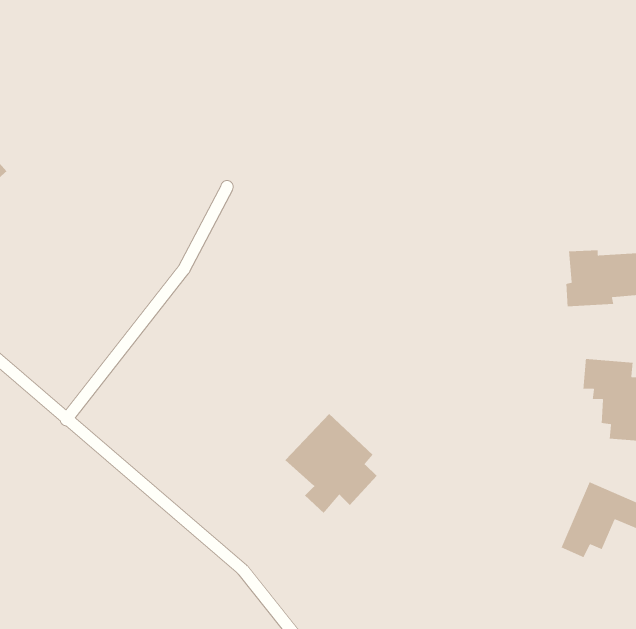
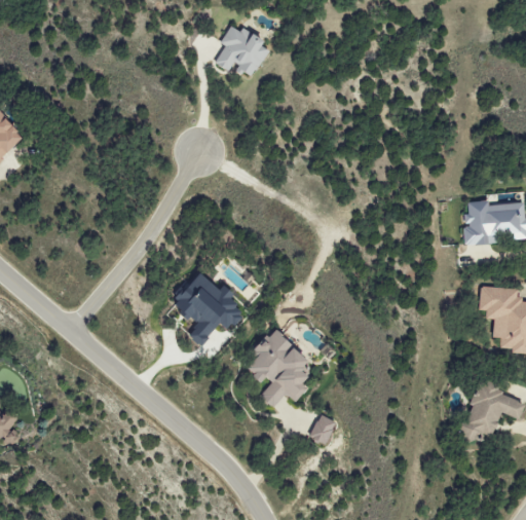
building: none -> [214,25,269,76]
building: none -> [173,271,245,344]
building: none -> [309,414,336,444]

